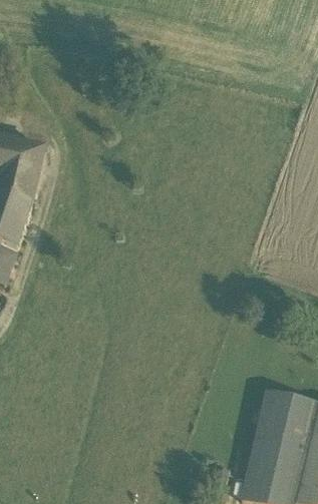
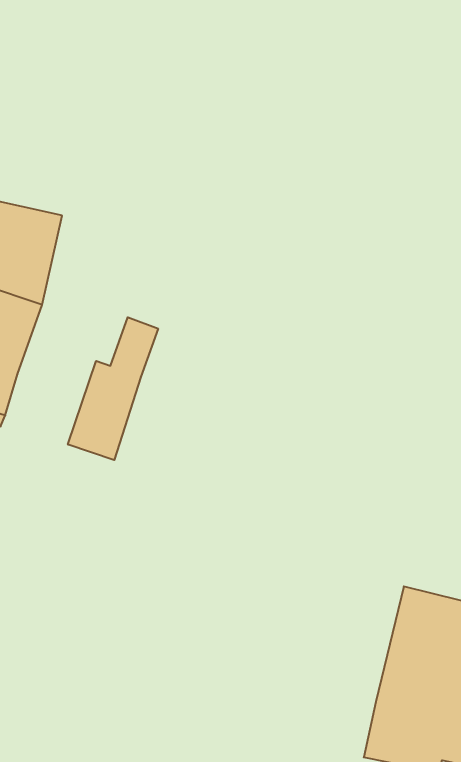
building: none -> [68,317,158,460]

